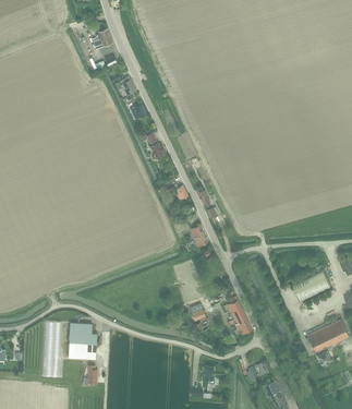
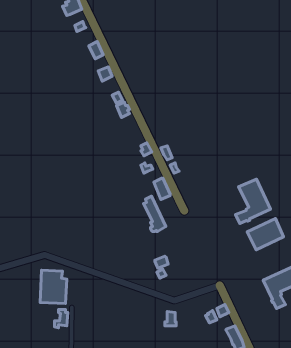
building: none -> [236,179,271,223]
building: [227,296,251,334] -> [143,196,166,232]

